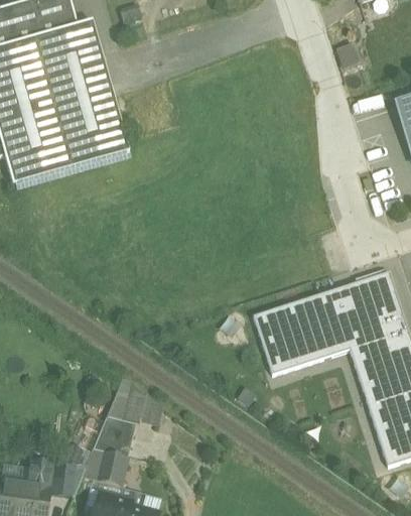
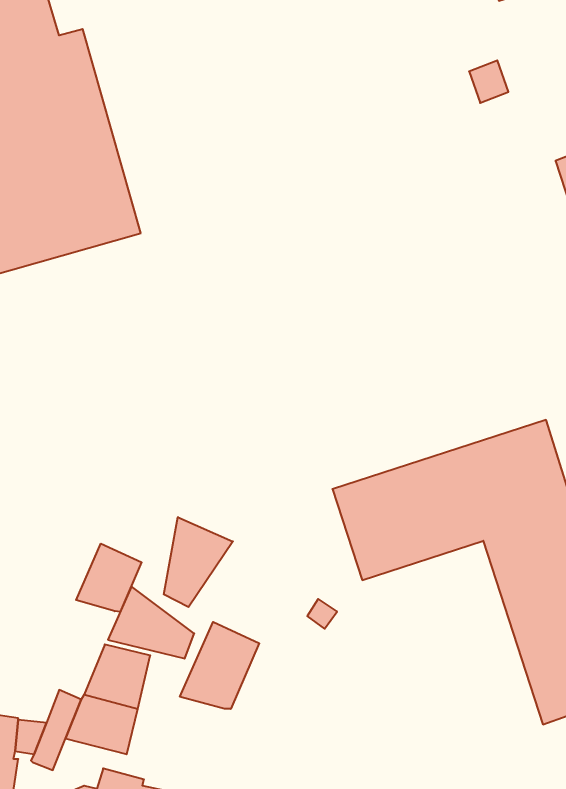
building: none -> [164,517,233,607]
building: none -> [76,544,142,612]
building: none -> [180,622,259,709]

